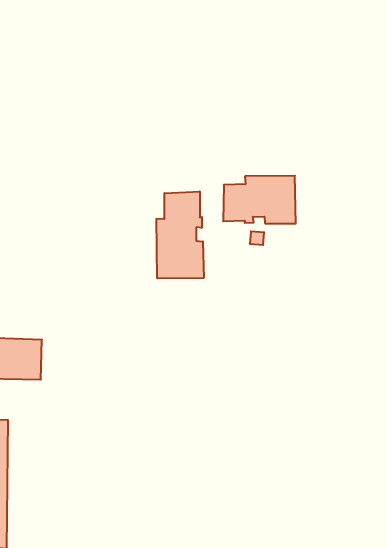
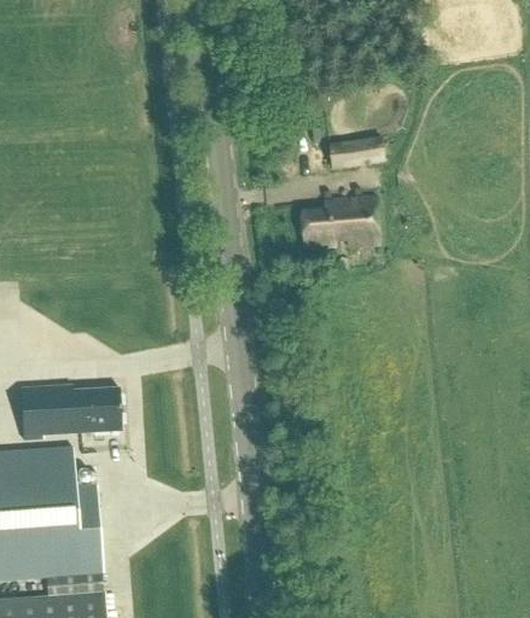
building: none -> [325,135,383,170]
building: [157,191,204,278] -> none

